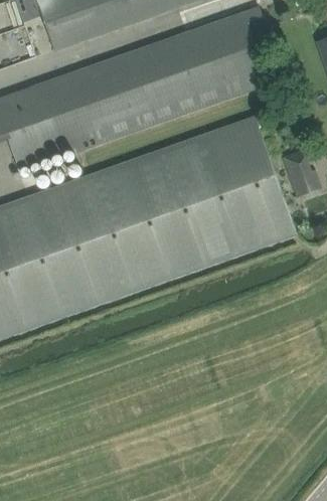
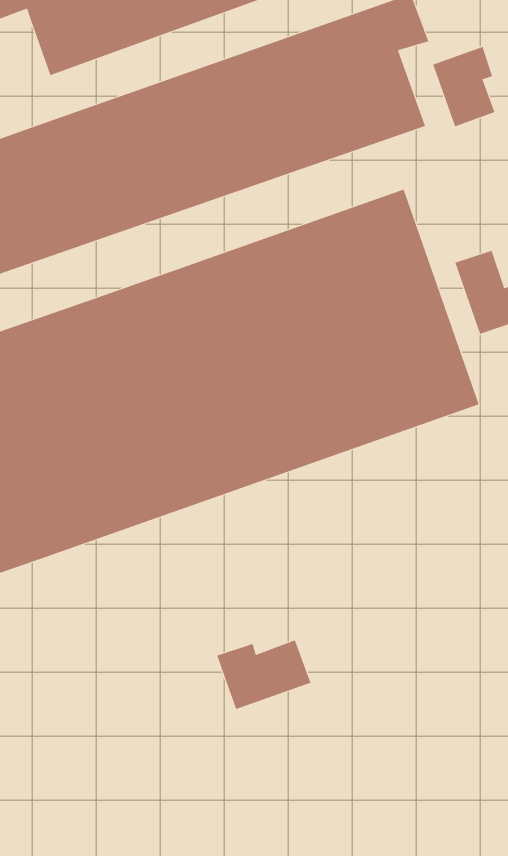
building: none -> [433,46,495,127]
building: none -> [216,640,311,710]

